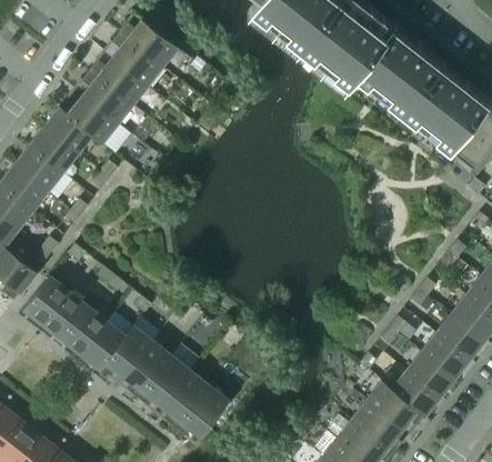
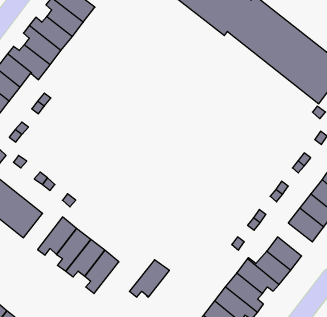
building: [81,322,133,370] -> none
building: [421,334,468,379] -> none
building: [175,386,229,436] -> [129,260,169,297]

